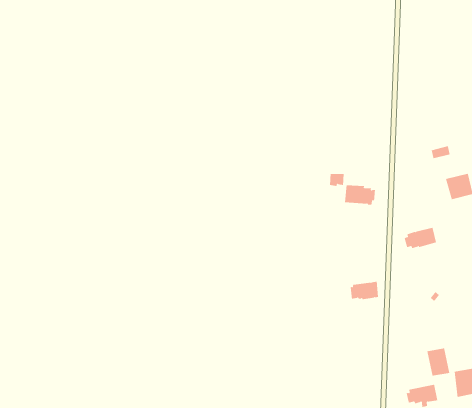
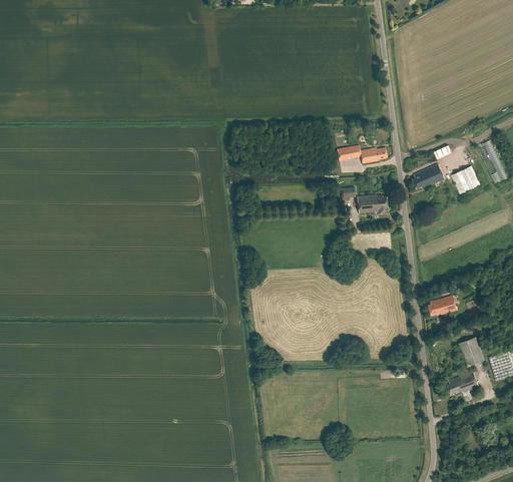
building: none -> [336,144,386,163]
building: [404,227,437,249] -> [412,163,444,187]
building: [350,281,379,300] -> [428,294,457,315]

